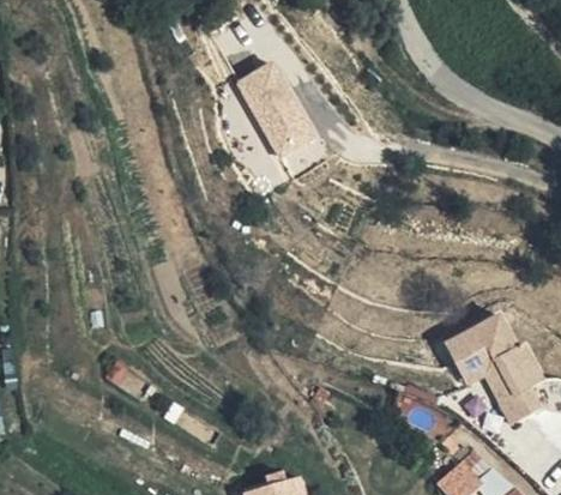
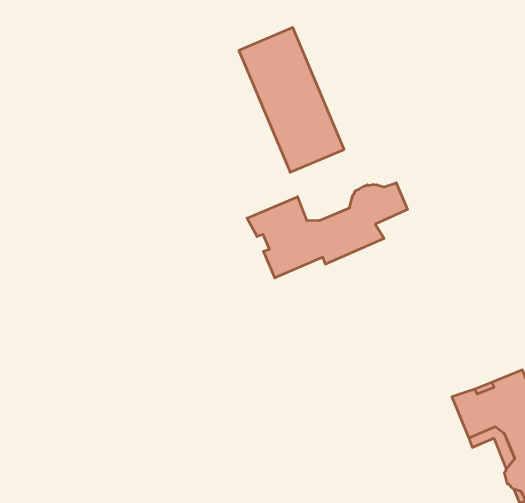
building: none -> [247,183,408,278]

